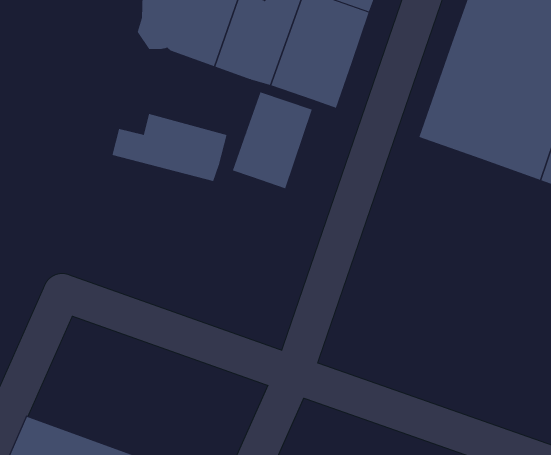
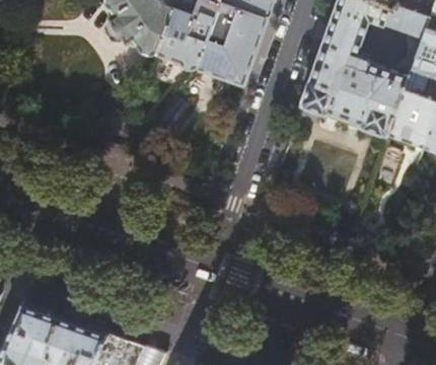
building: [232,91,312,189] -> none
building: [112,113,227,182] -> none

